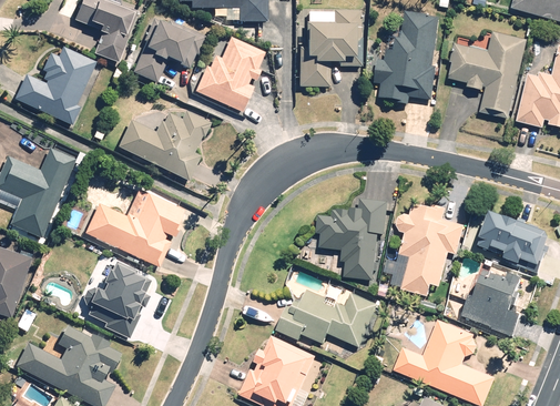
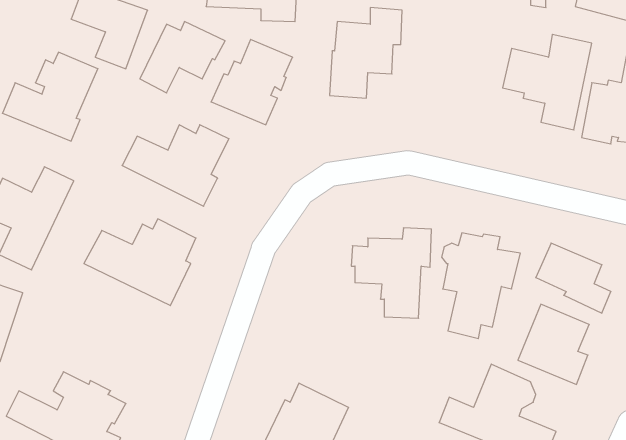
building: [369,12,438,106] -> none
building: [79,260,141,337] -> none
building: [276,290,377,346] -> none

